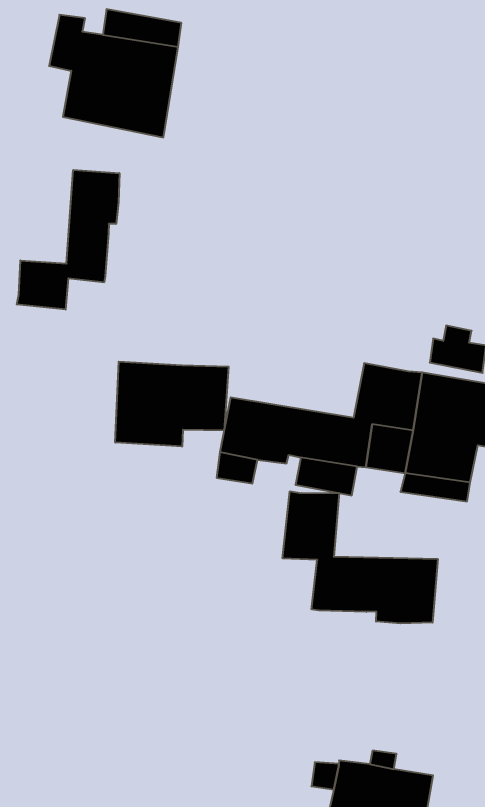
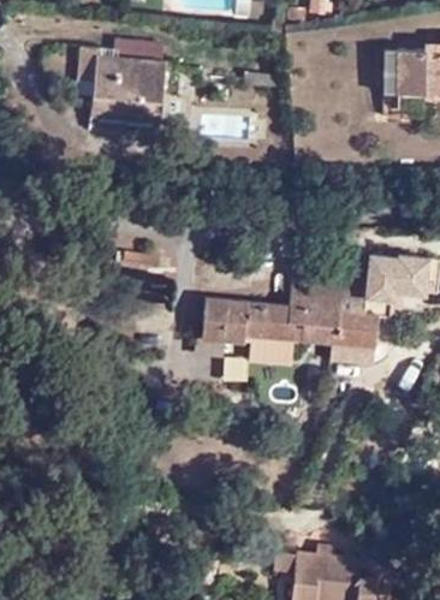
building: [17,170,119,310] -> none
building: [115,362,229,447] -> none
building: [283,491,438,623] -> none

